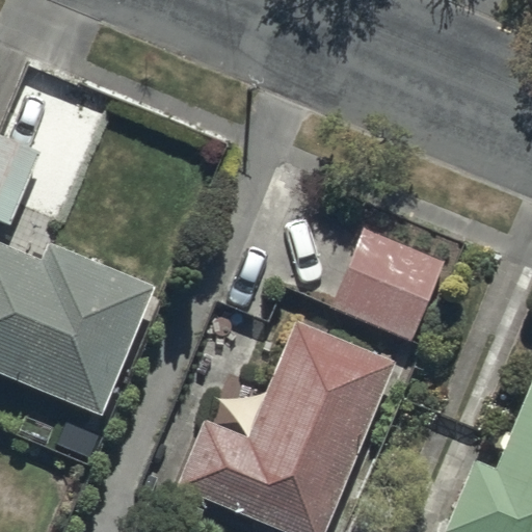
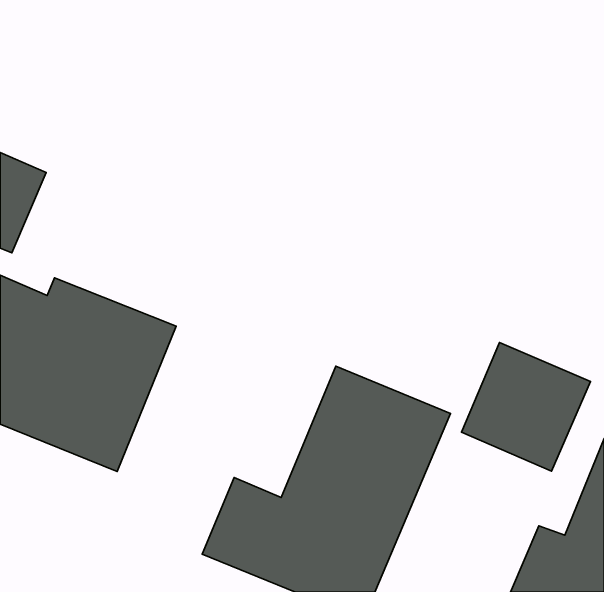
building: [331,227,445,340] -> [462,342,590,471]

